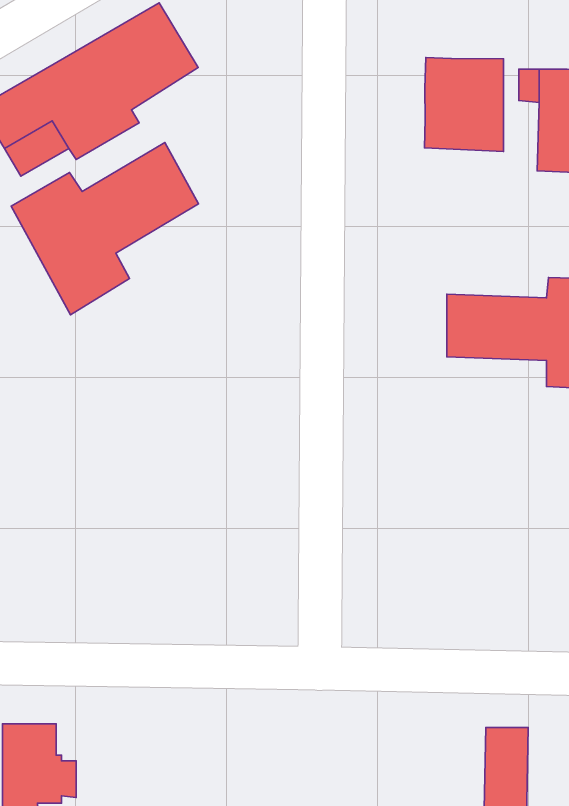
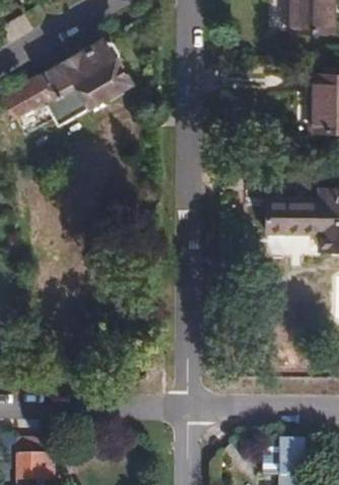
building: [424,57,504,151] -> none
building: [11,142,199,315] -> none

